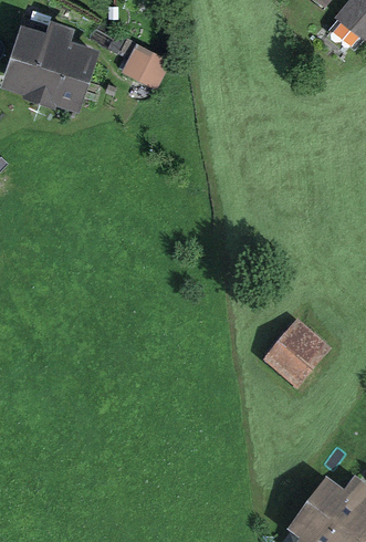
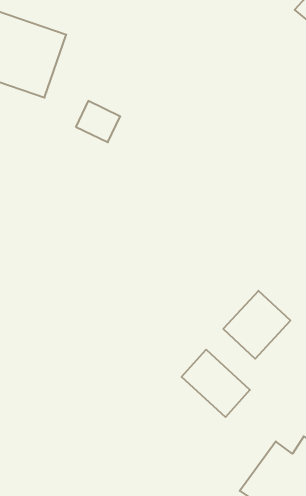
building: [121,44,168,88] -> [76,101,120,142]
building: none -> [182,350,250,417]

